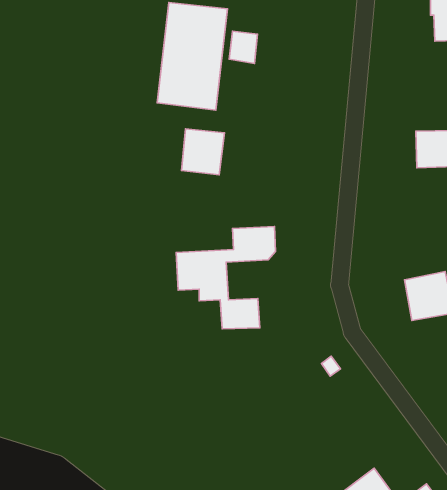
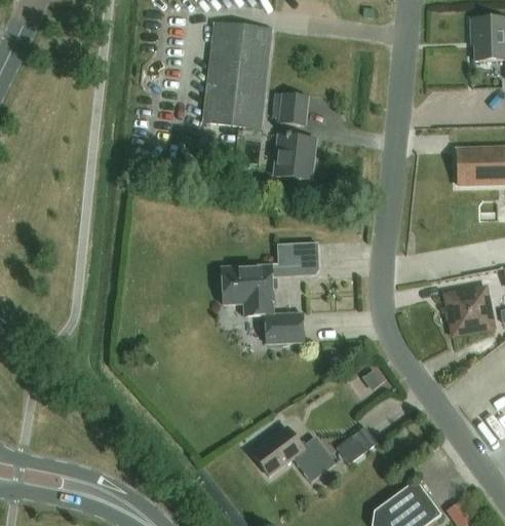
building: [229,31,258,63] -> [279,92,307,124]
building: [181,129,224,175] -> [273,134,315,179]
building: none -> [251,425,335,481]
building: none -> [336,425,376,462]

